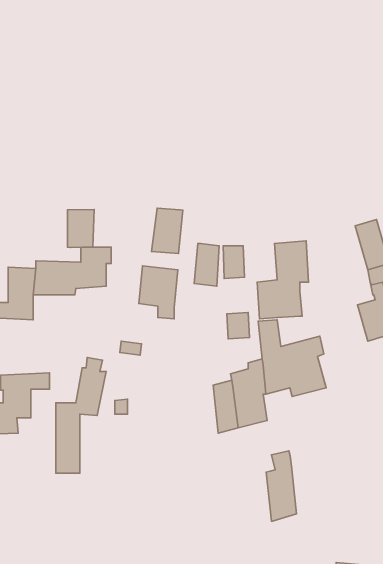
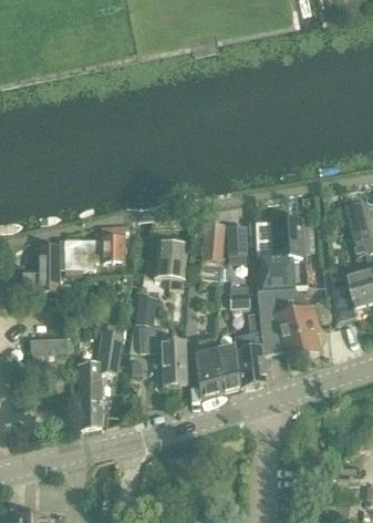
building: [151,208,183,254] -> none
building: [68,209,94,247] -> none
building: none -> [139,325,188,383]
building: [266,451,296,521] -> [196,334,222,396]

